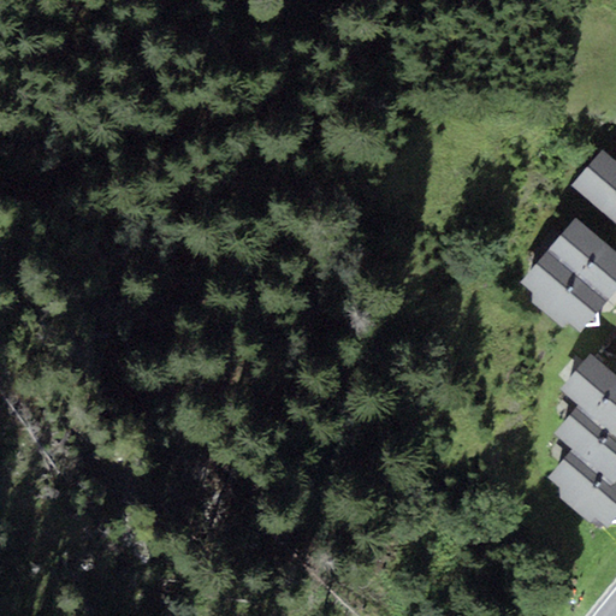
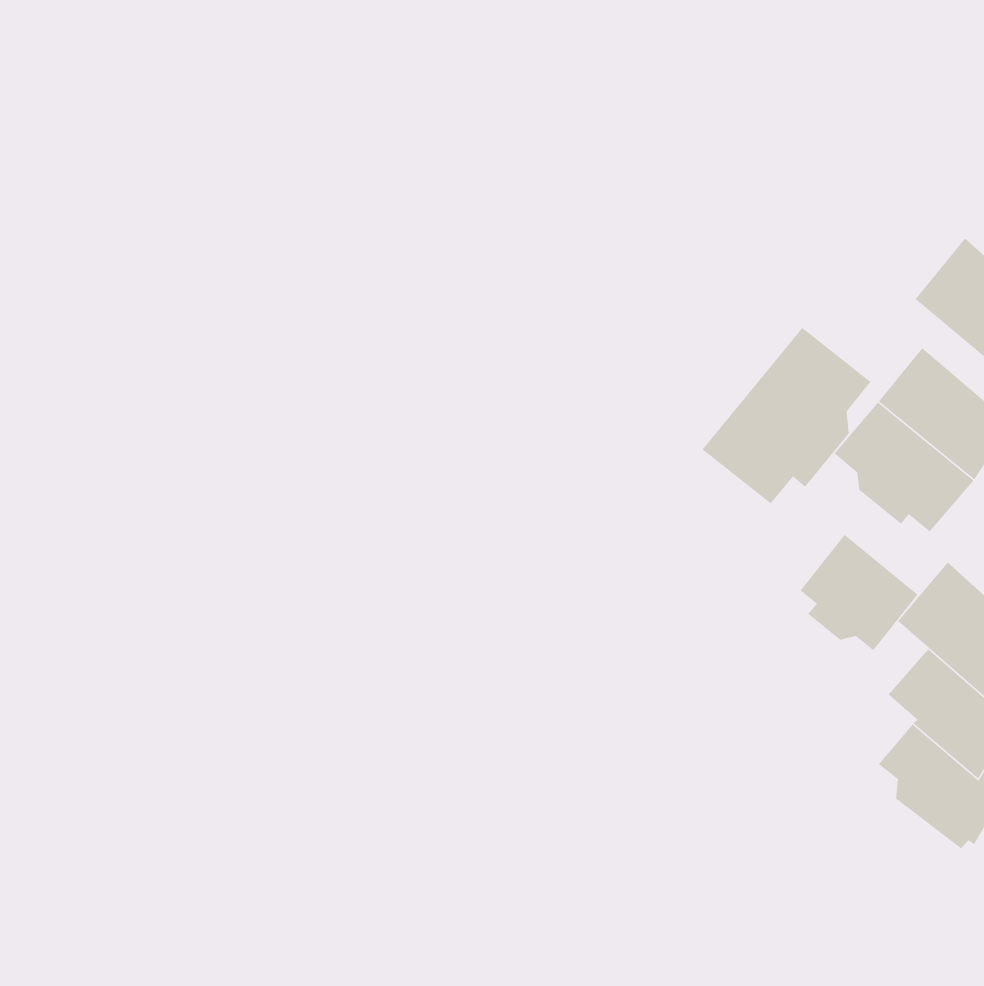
building: none -> [702,327,872,504]
building: none -> [799,534,919,651]

